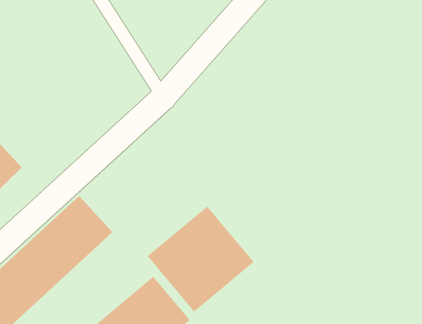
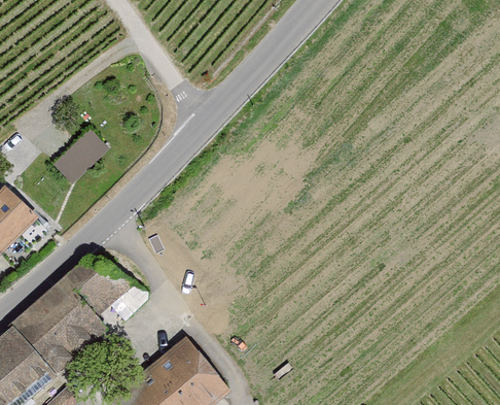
building: none -> [51,130,110,185]
building: [147,206,254,312] -> none

